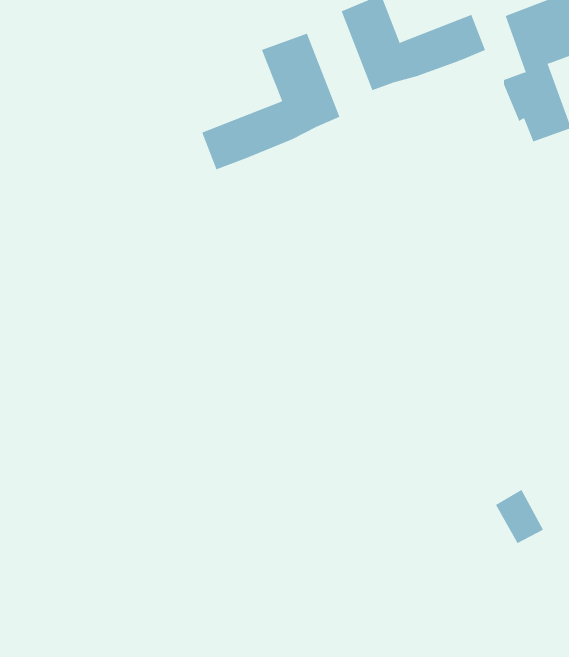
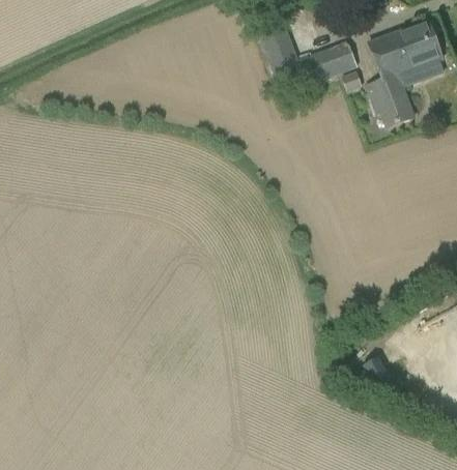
building: [201,33,340,170] -> none

